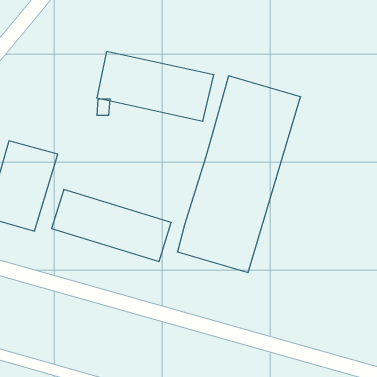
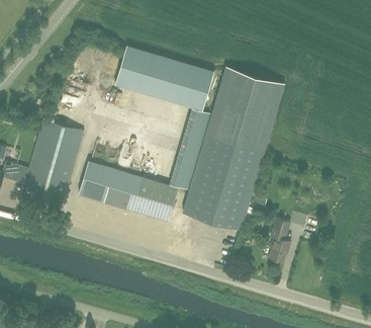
building: none -> [168,107,211,190]
building: none -> [269,219,289,262]

